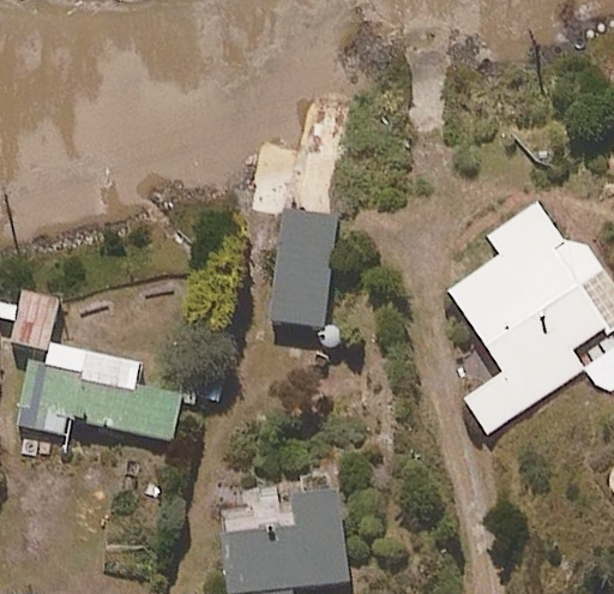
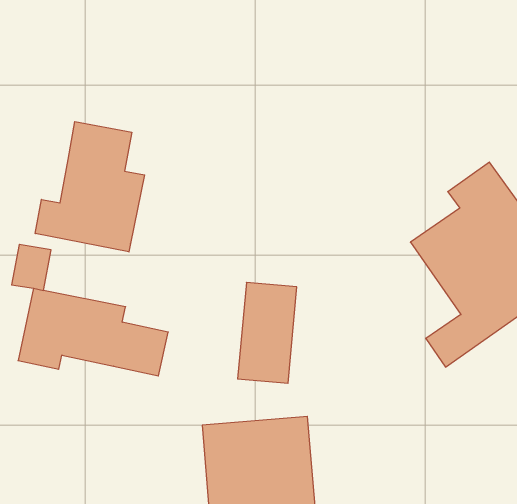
building: none -> [35,122,145,252]
building: [270,216,335,326] -> [238,282,297,383]

